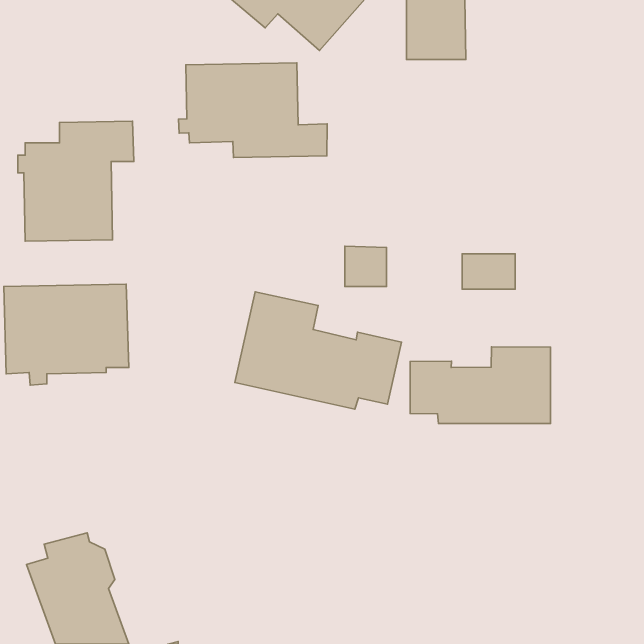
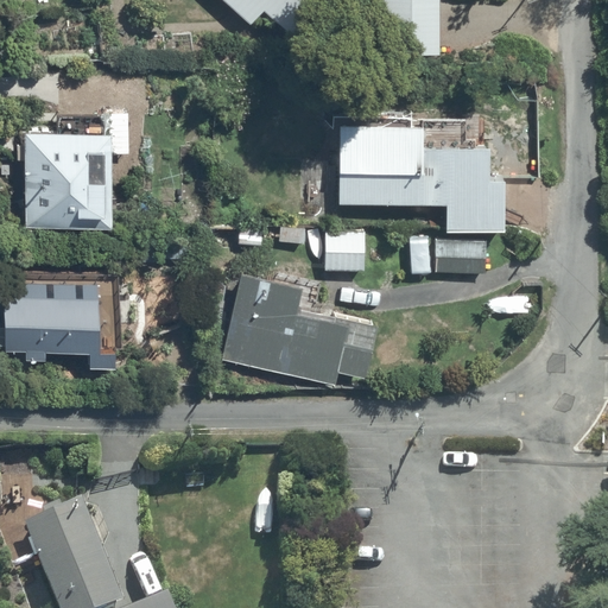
building: [179,63,327,157] -> none
building: none -> [329,107,506,233]
building: [410,347,551,423] -> none

